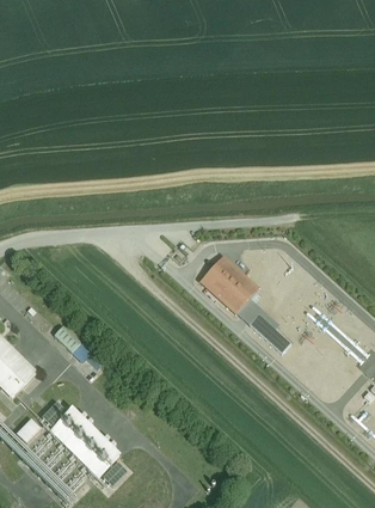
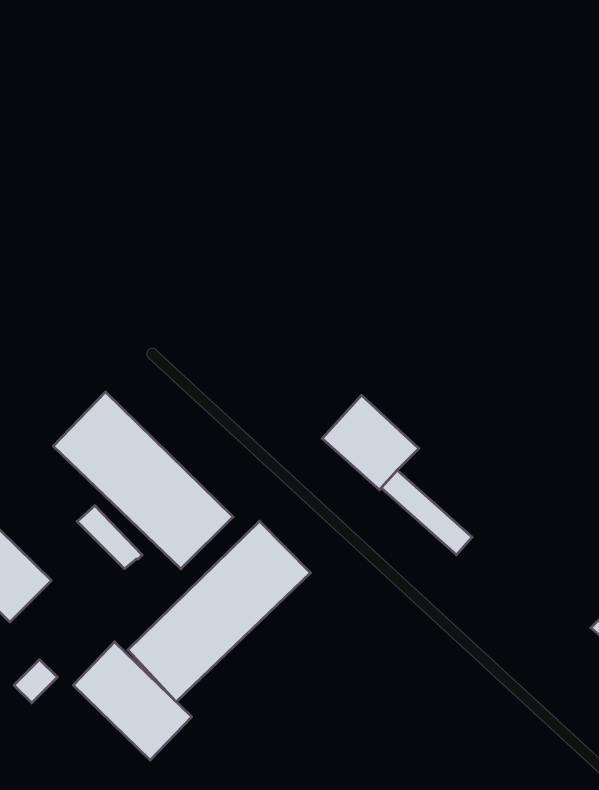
building: none -> [53,392,233,569]
building: none -> [128,521,311,702]

